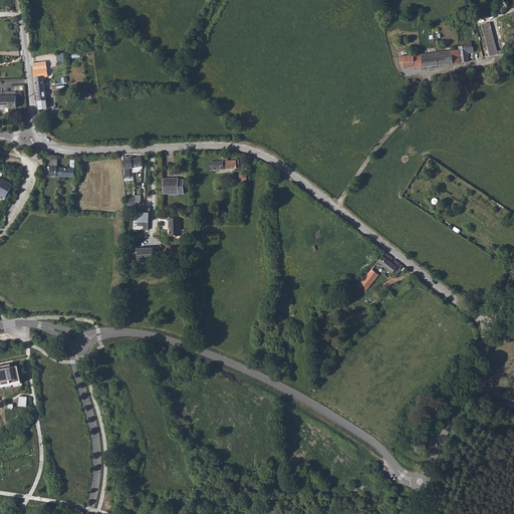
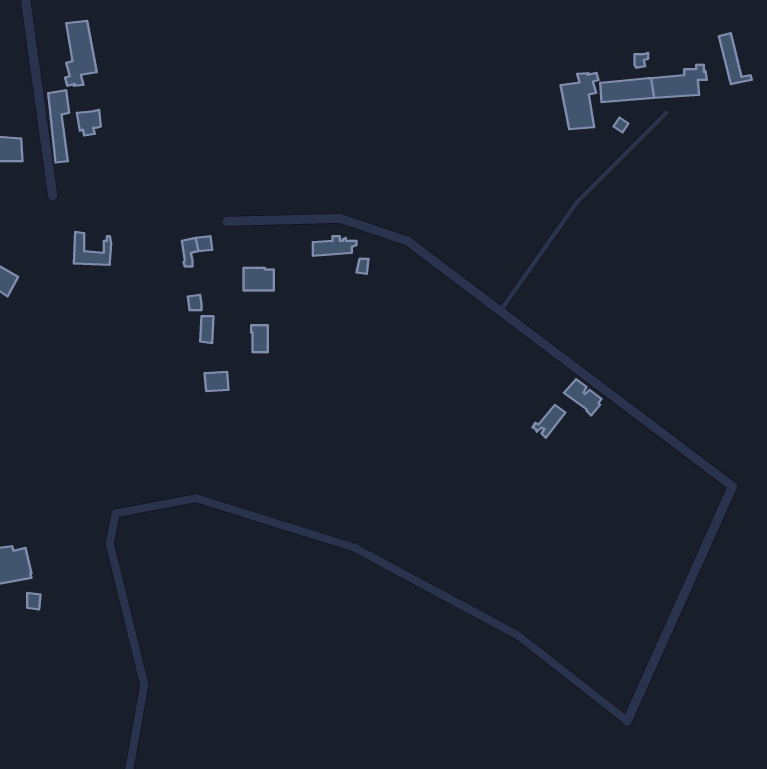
building: none -> [65,21,97,86]
building: none -> [561,73,599,129]

